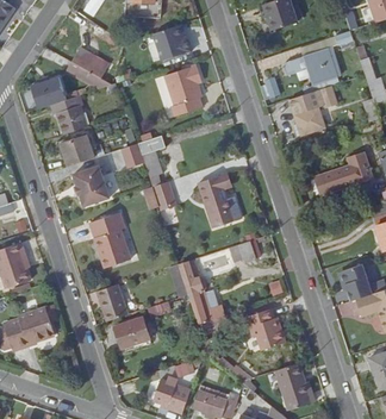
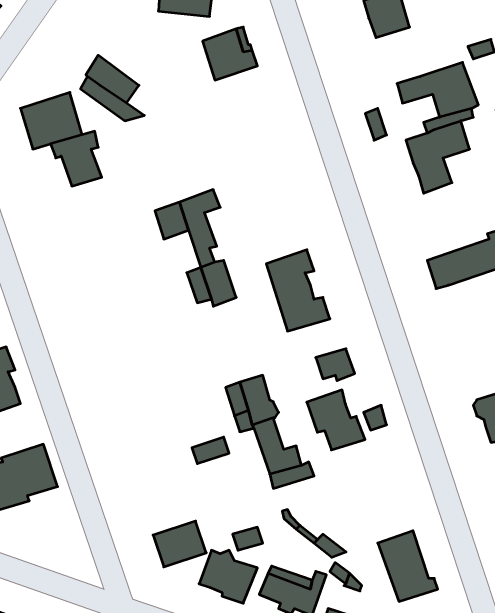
building: [164,64,203,115] -> none
building: [64,131,99,163] -> none
building: [76,164,110,204] -> none
building: [92,212,132,267] -> none
building: [98,282,130,318] -> none
building: [245,309,285,350] -> [307,390,365,450]
building: [117,314,152,345] -> [153,521,206,567]

